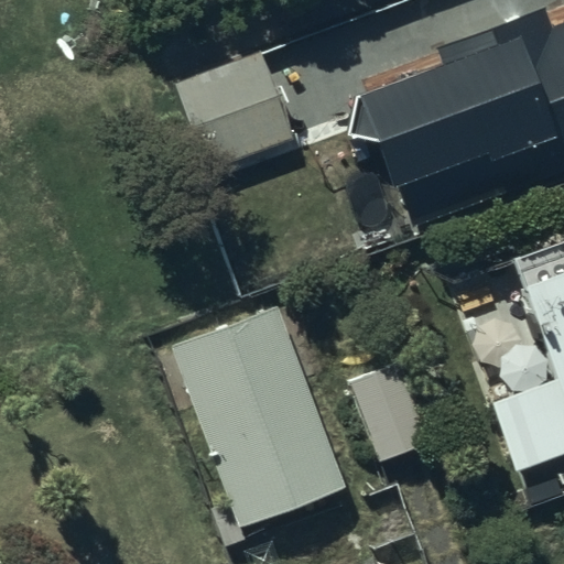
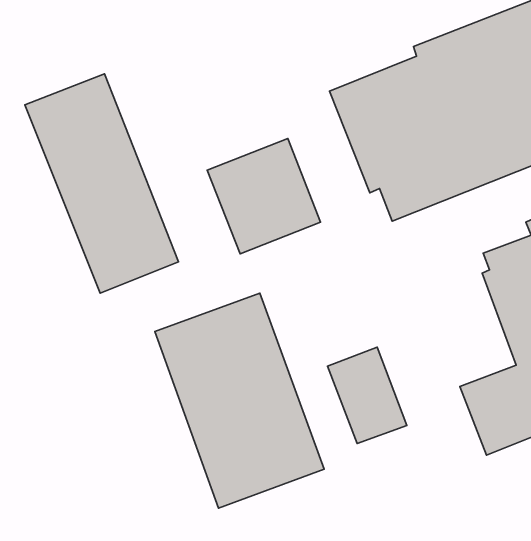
building: [178,52,296,172] -> [207,138,321,254]
building: none -> [25,74,179,293]

